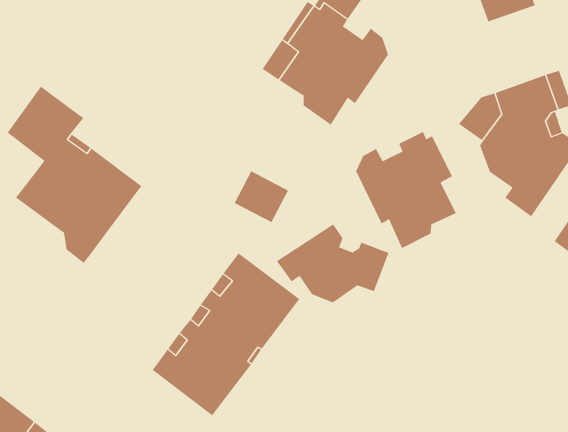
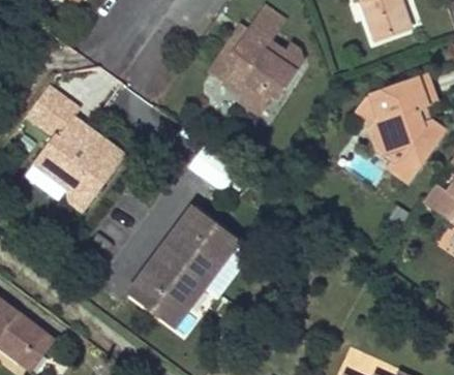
building: [356,131,457,249] -> none
building: [276,224,389,303] -> none

